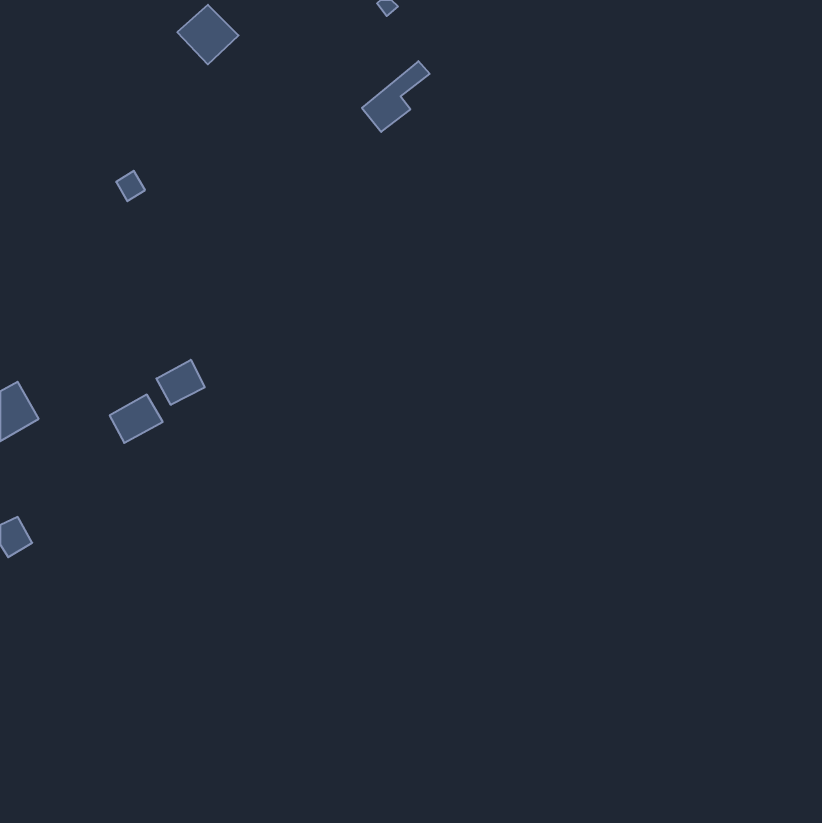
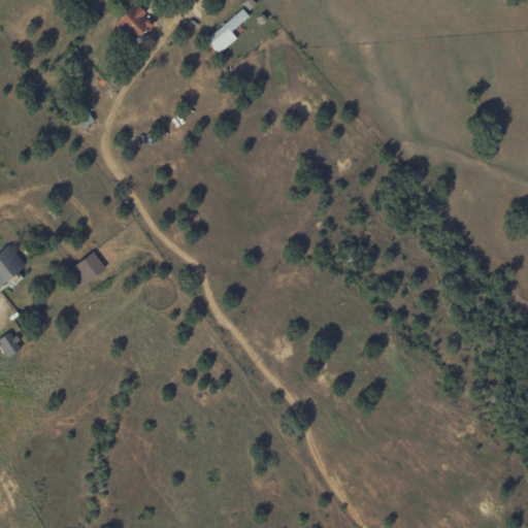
building: [362,61,430,132] -> [206,8,250,54]
building: [156,360,205,405] -> none

